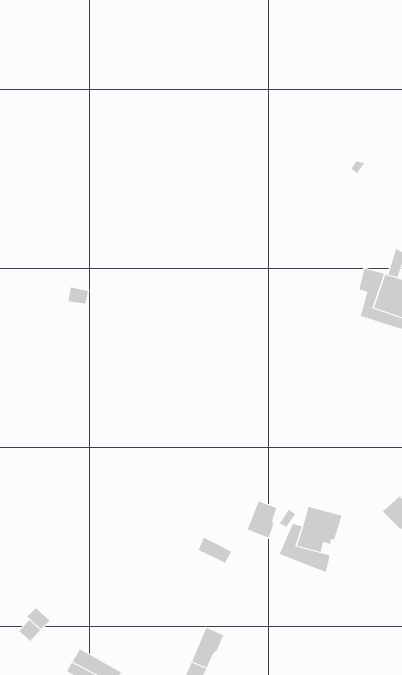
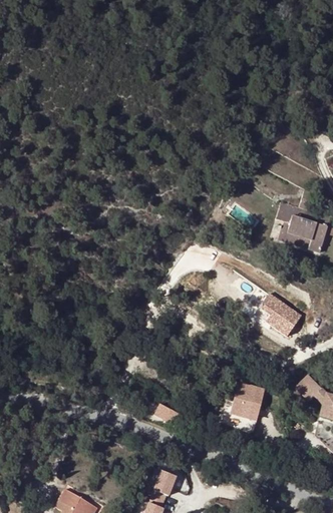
building: none -> [260,296,301,339]
building: [247,501,277,538] -> none

